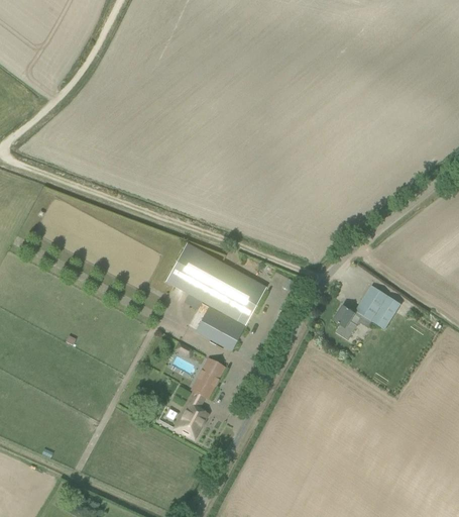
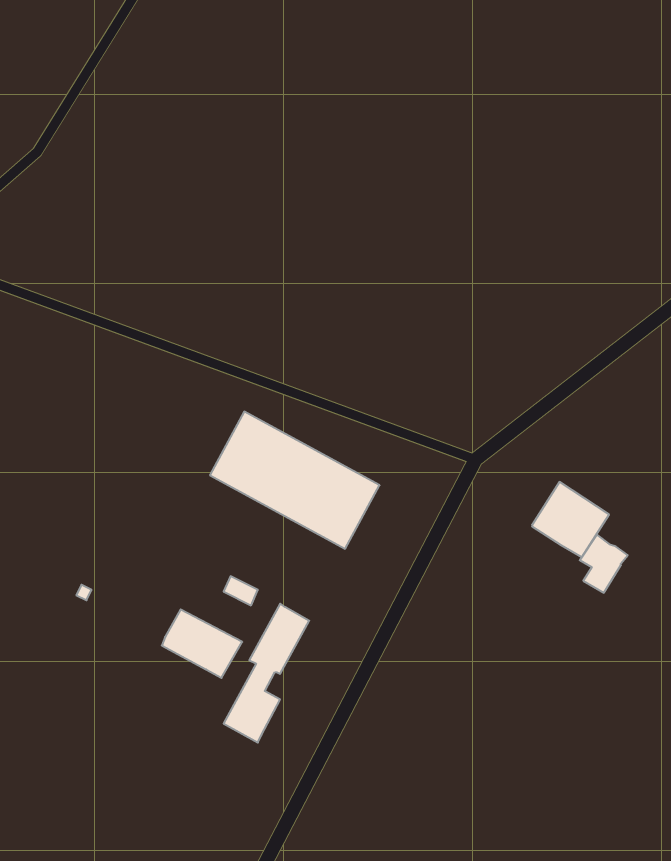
building: [333,305,361,339] -> [580,534,628,593]
building: [197,307,244,347] -> [162,609,242,678]

